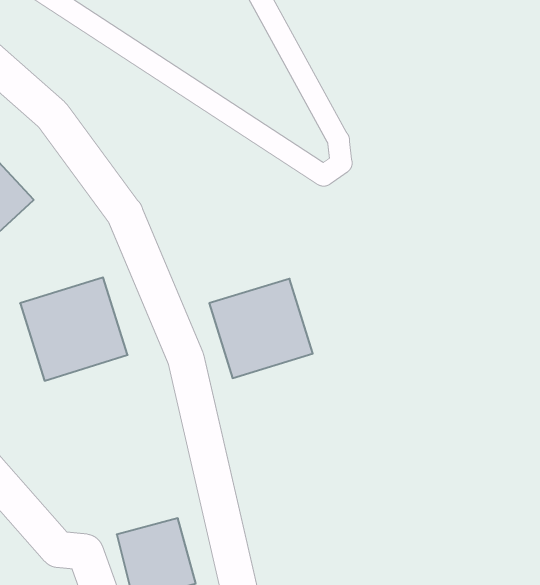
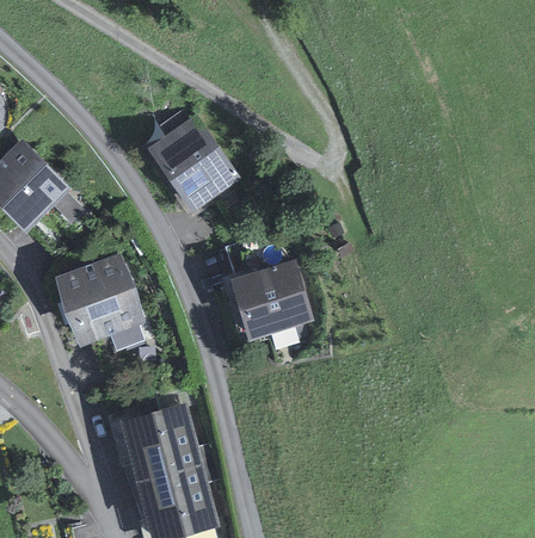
building: none -> [144,113,239,210]
building: none -> [127,409,196,481]

